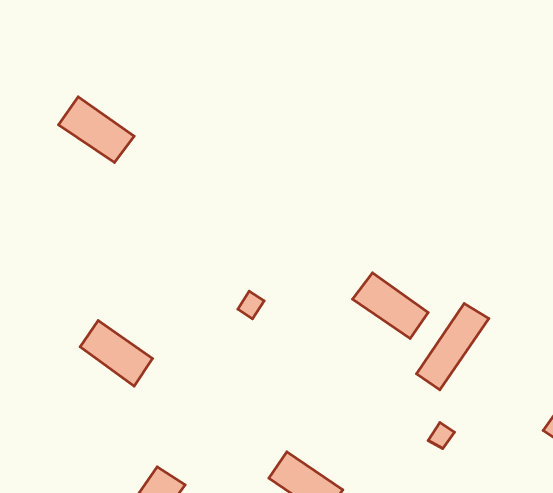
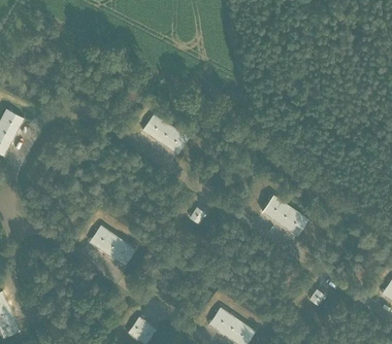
building: [59,97,134,163] -> [141,113,189,154]
building: [417,303,489,390] -> none

